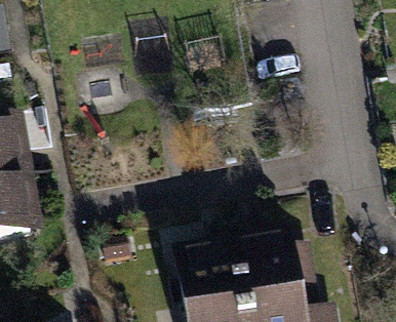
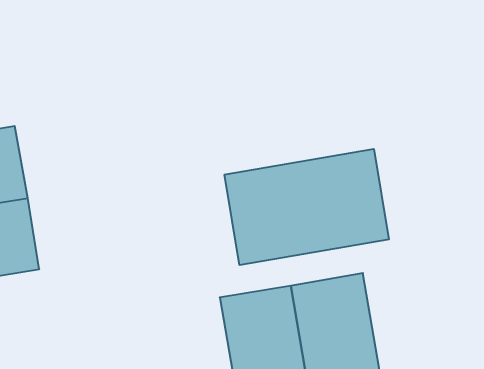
building: none -> [225,149,389,265]

